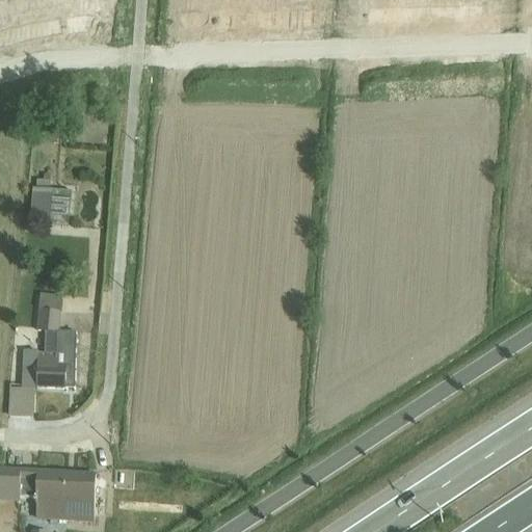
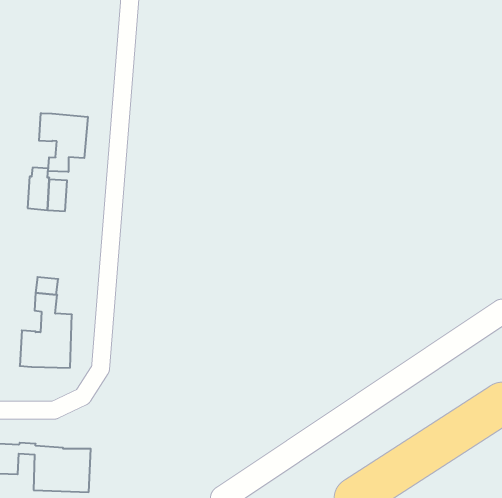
building: none -> [39,113,88,172]
building: [7,385,33,417] -> none

